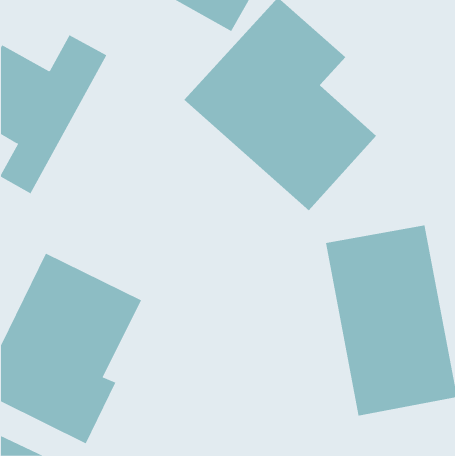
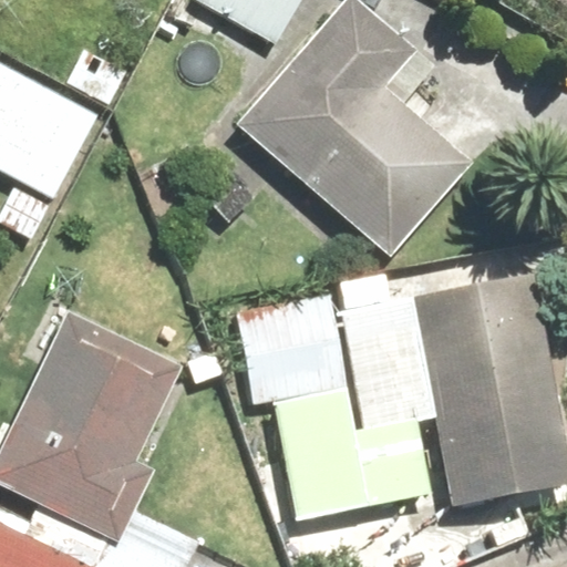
building: none -> [254,287,391,498]

